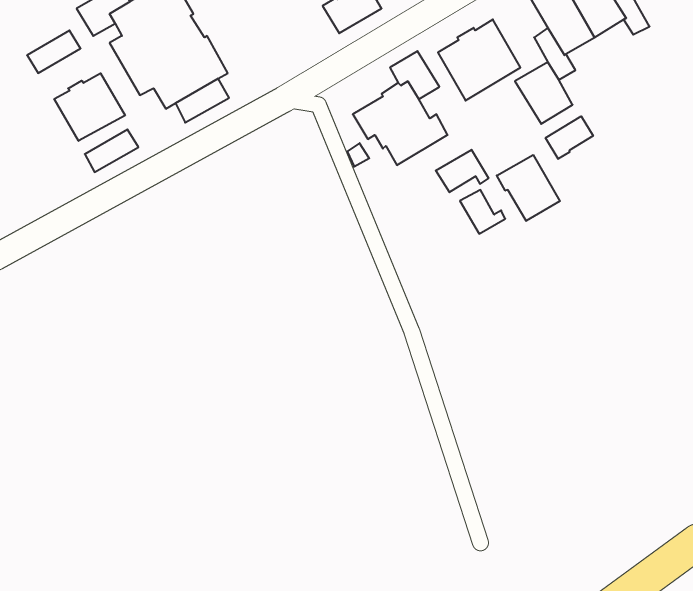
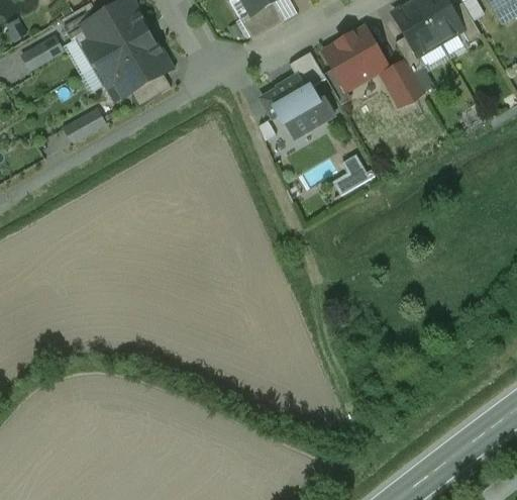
building: [54,73,125,141] -> none
building: [546,116,593,159] -> none
building: [436,150,488,192] -> none
building: [497,155,560,221] -> none

